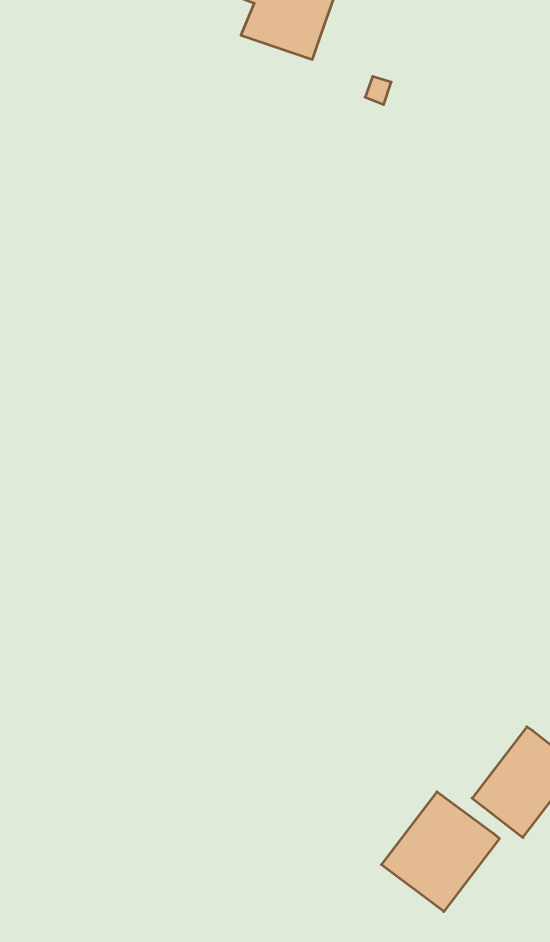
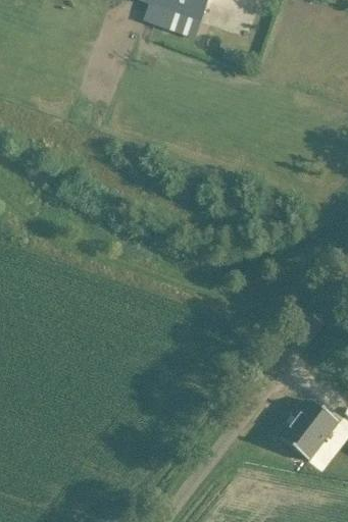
building: [381,792,499,912] -> none

